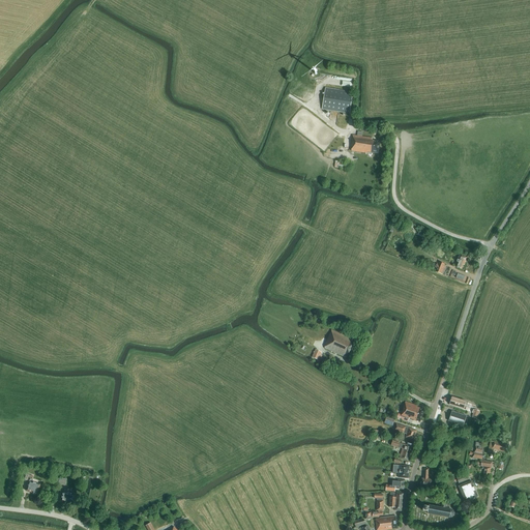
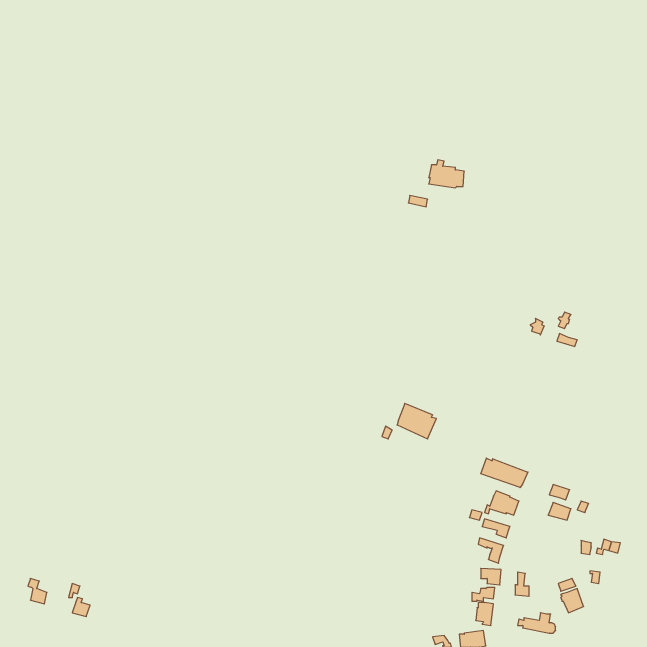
building: [321,87,352,113] -> none
building: none -> [481,458,528,488]

